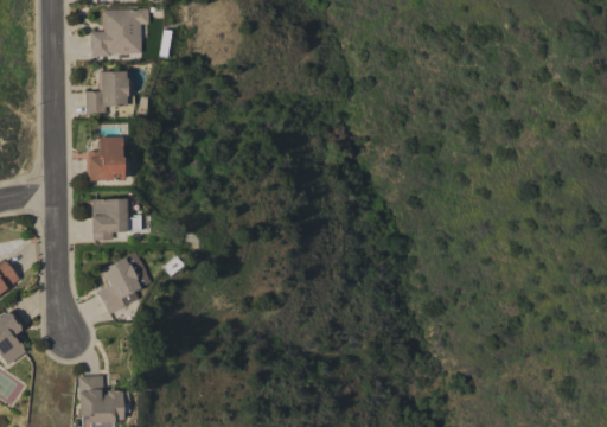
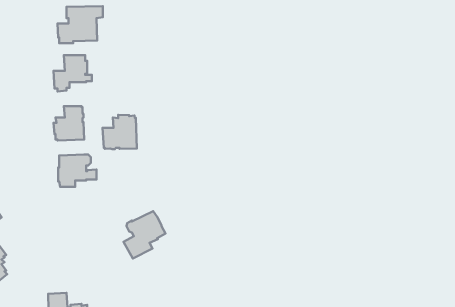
building: none -> [102,115,137,149]
building: [97,253,151,313] -> [124,211,165,259]

